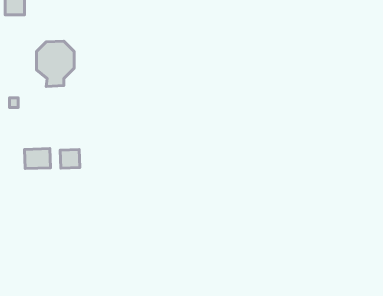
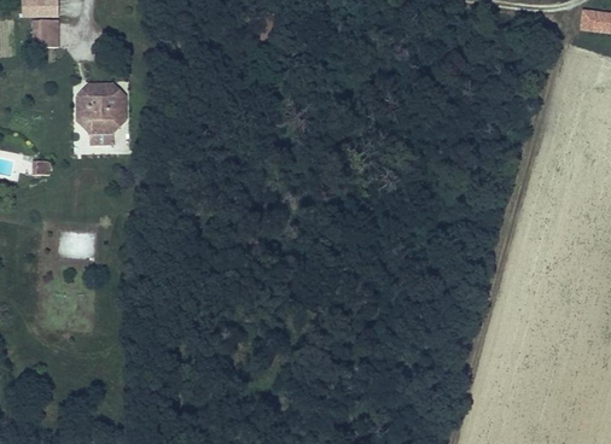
building: [60,150,80,168] -> none

